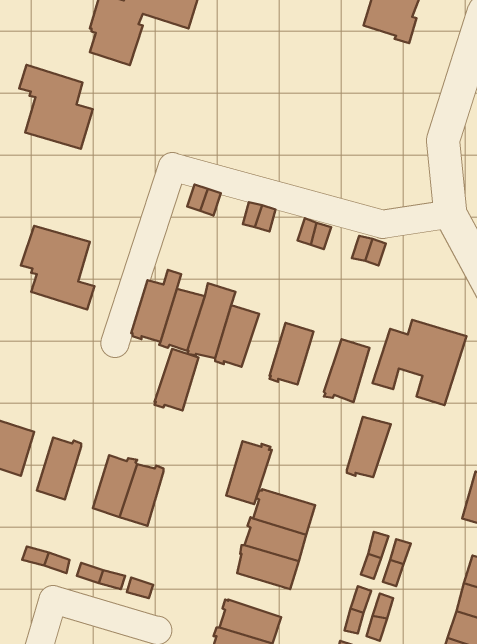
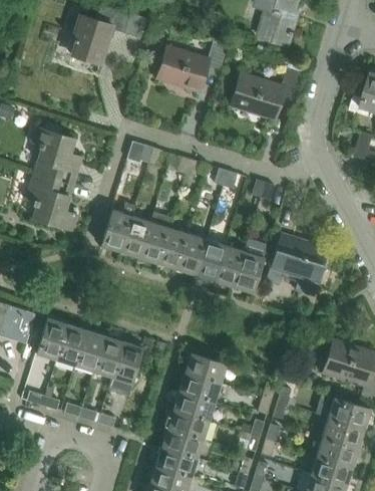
building: none -> [157,41,227,94]
building: [19,65,93,149] -> [30,127,80,184]
building: none -> [231,67,300,121]
building: [154,349,199,411] -> [175,233,206,275]
building: [347,417,391,477] -> [214,245,244,286]
building: [226,441,272,504] -> [111,340,142,384]
building: none -> [55,323,85,365]
building: none -> [166,410,209,440]

